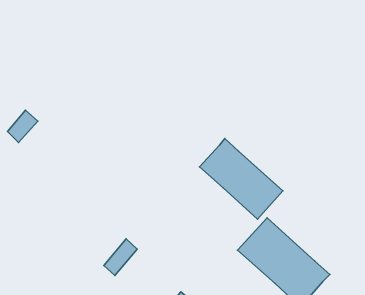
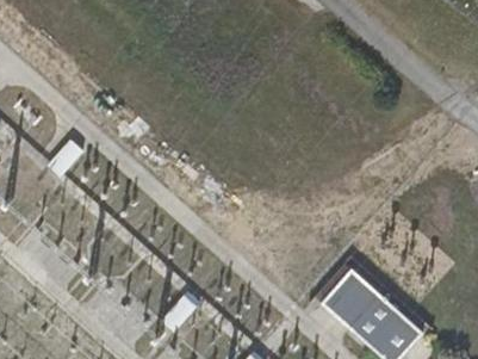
building: [199,138,283,219] -> none

